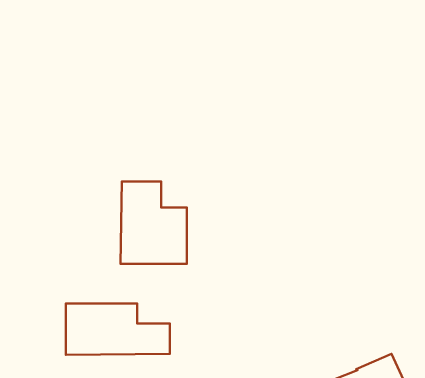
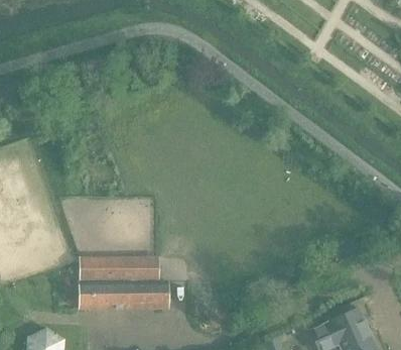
building: [120,182,187,264] -> none

